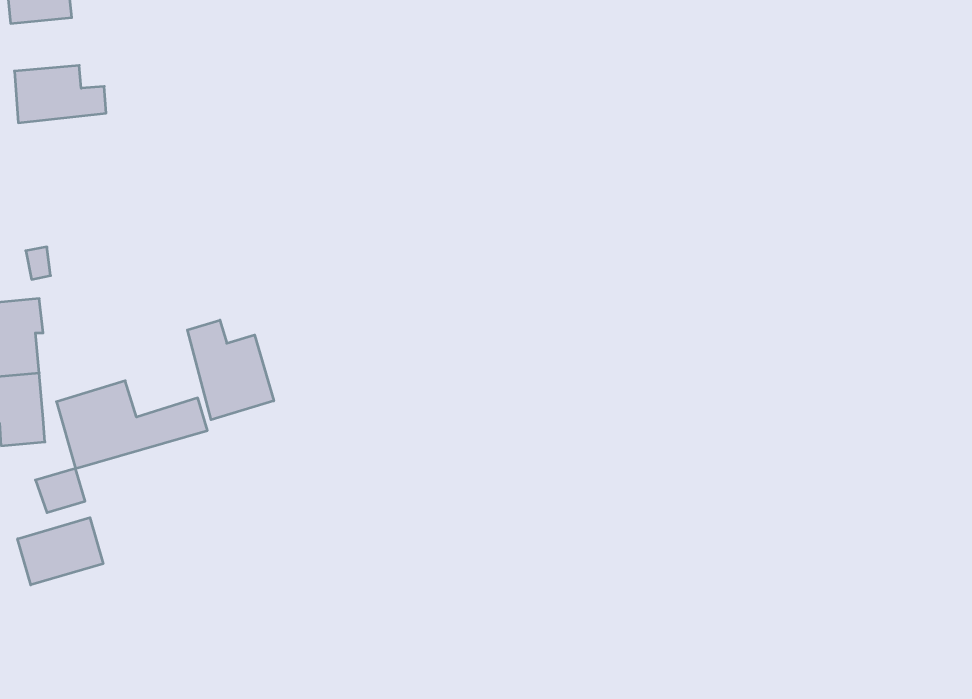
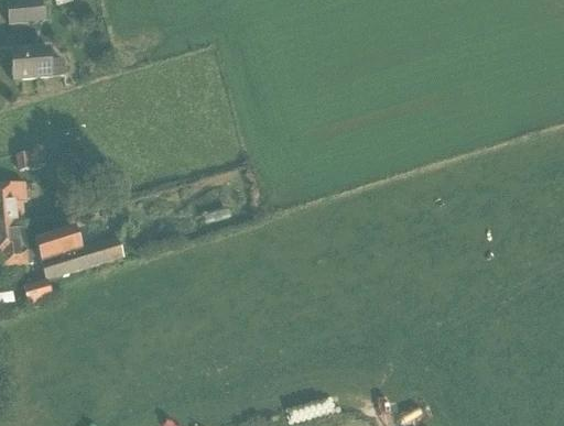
building: [187,320,274,420] -> none
building: [18,518,103,585] -> none

